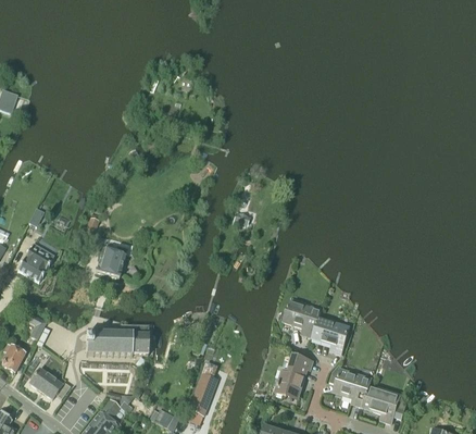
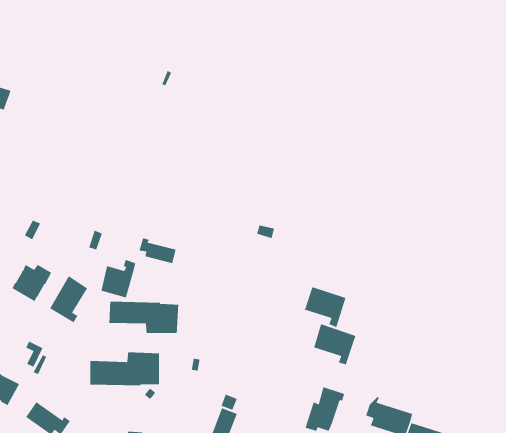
building: none -> [139,237,177,264]
building: none -> [49,275,88,323]
building: none -> [108,301,179,334]
building: [312,317,350,354] -> [303,286,347,328]

